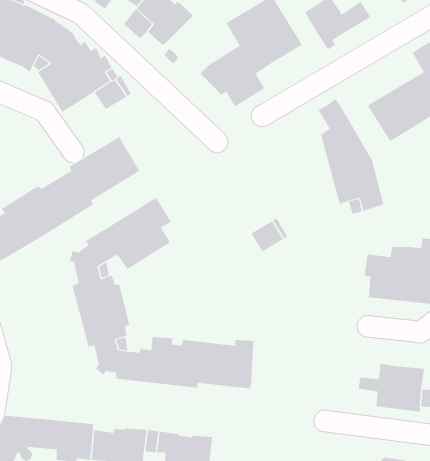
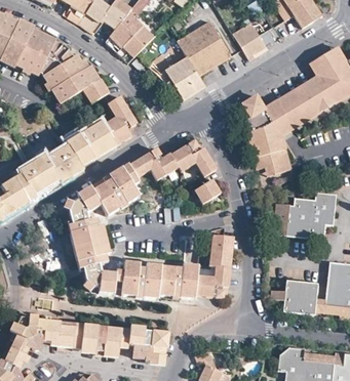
building: none -> [104,95,139,145]
building: none -> [264,99,294,134]
building: none -> [129,139,218,179]
building: none -> [196,232,231,296]

